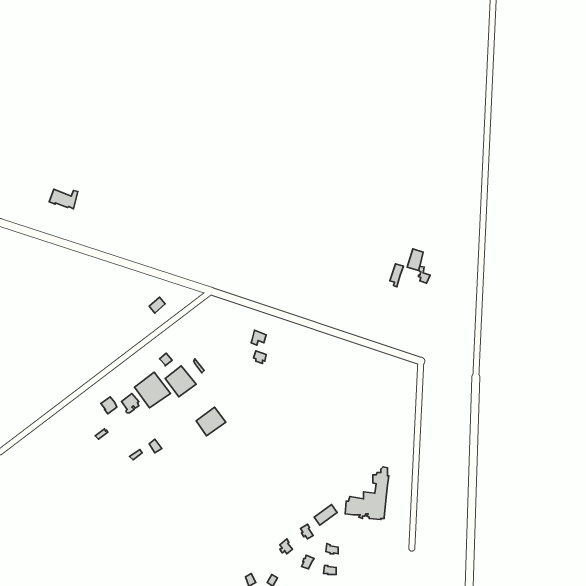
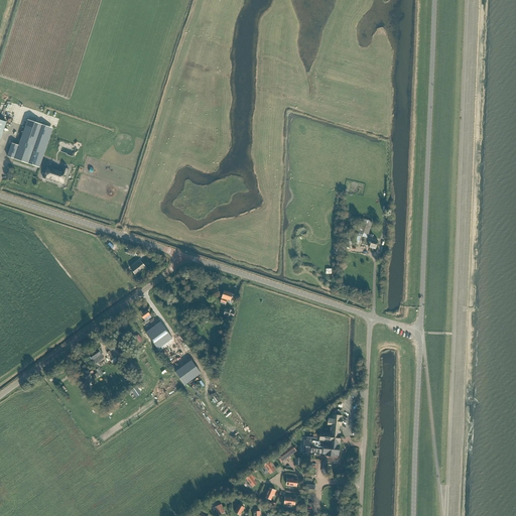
building: none -> [8,120,49,166]
building: [134,372,170,408] -> none

